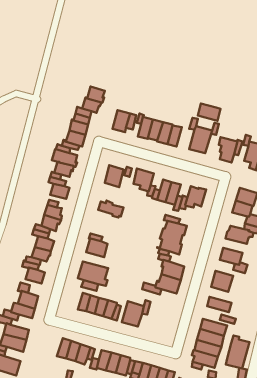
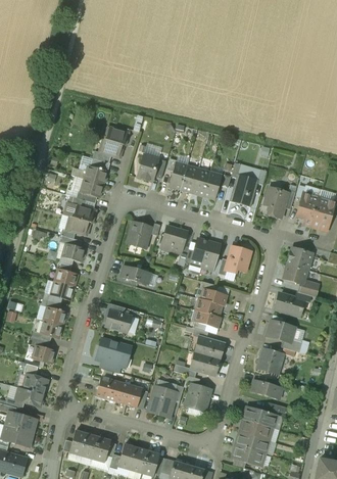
building: [198,104,220,121] -> none
building: none -> [184,383,210,412]
building: [226,335,250,369] -> none

